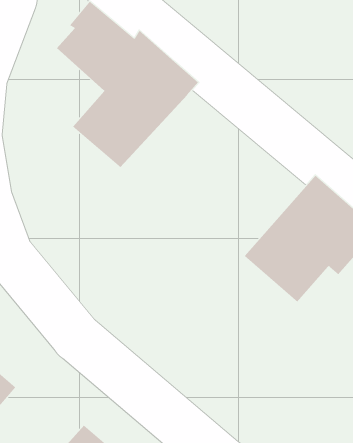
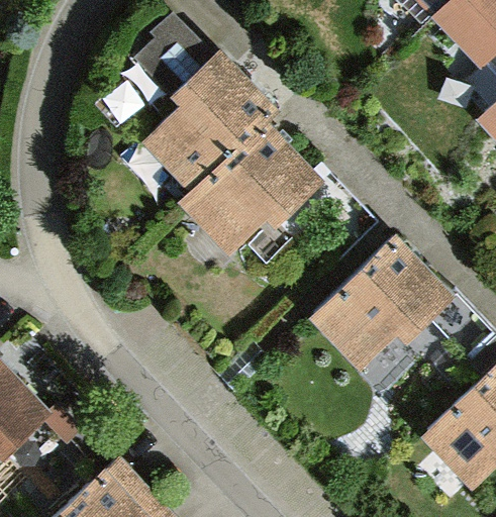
building: none -> [178,128,326,266]

